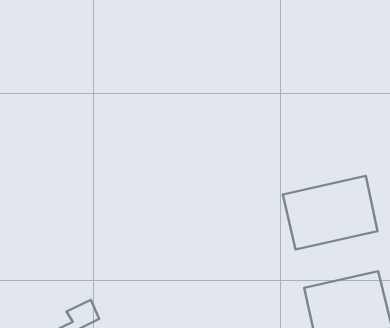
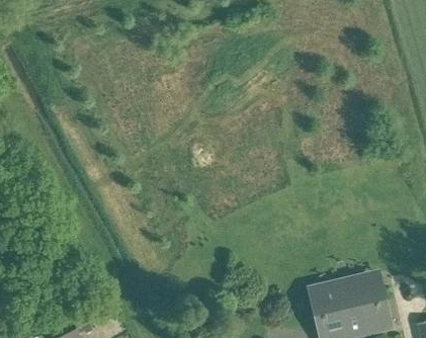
building: [283,176,377,250] -> none

